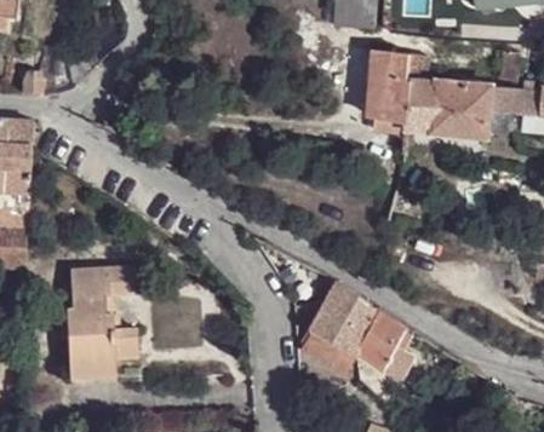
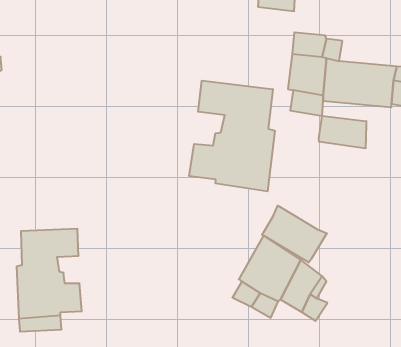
building: none -> [189,81,275,191]
building: none -> [319,116,366,148]
building: none -> [262,206,327,263]

